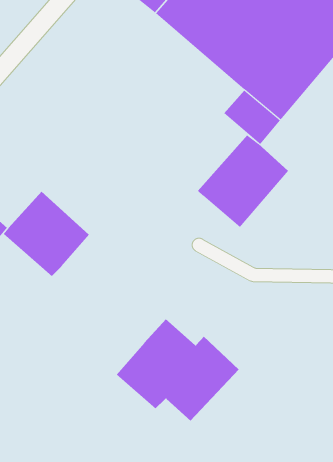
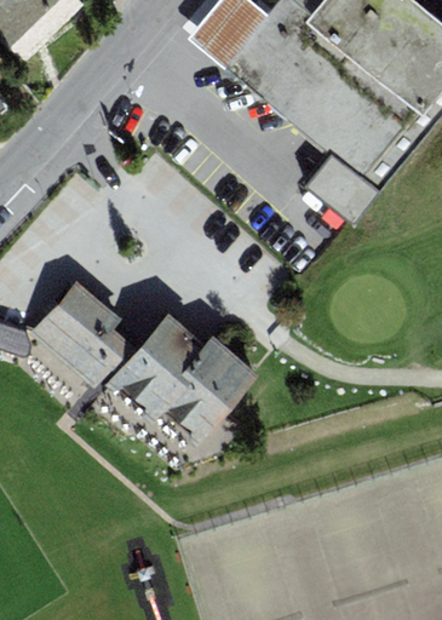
building: [197,135,289,228] -> none
building: [116,318,239,422] -> [110,302,257,424]

